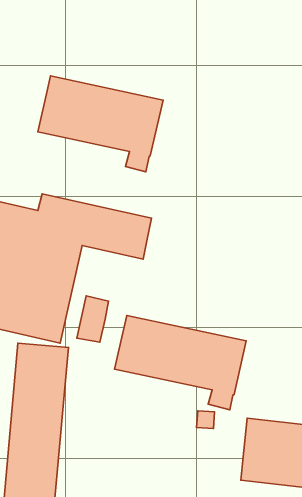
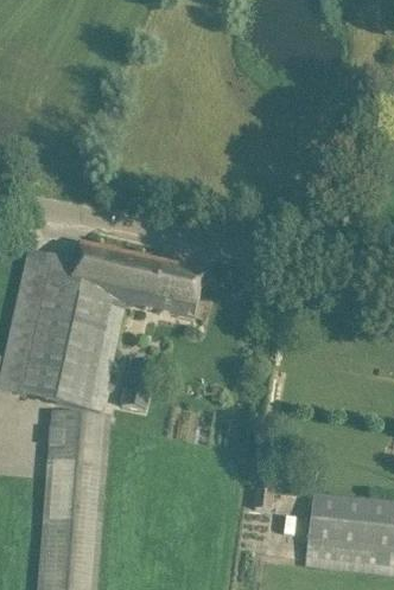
building: [38,76,163,172] -> none
building: [115,315,246,410] -> none

